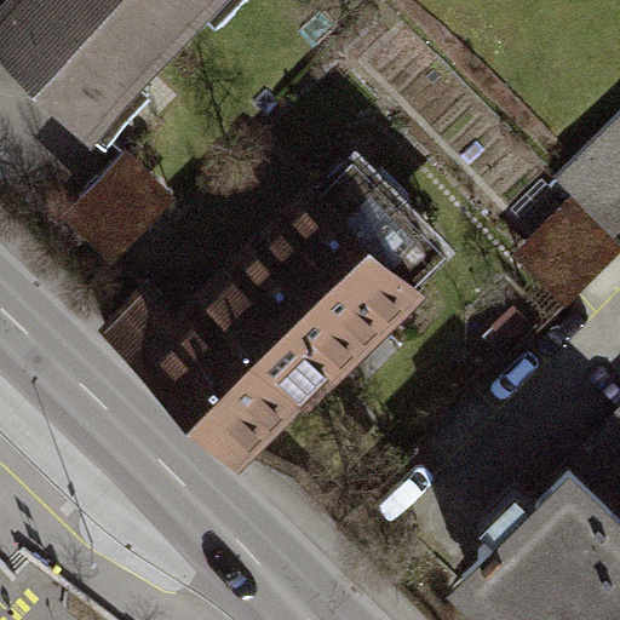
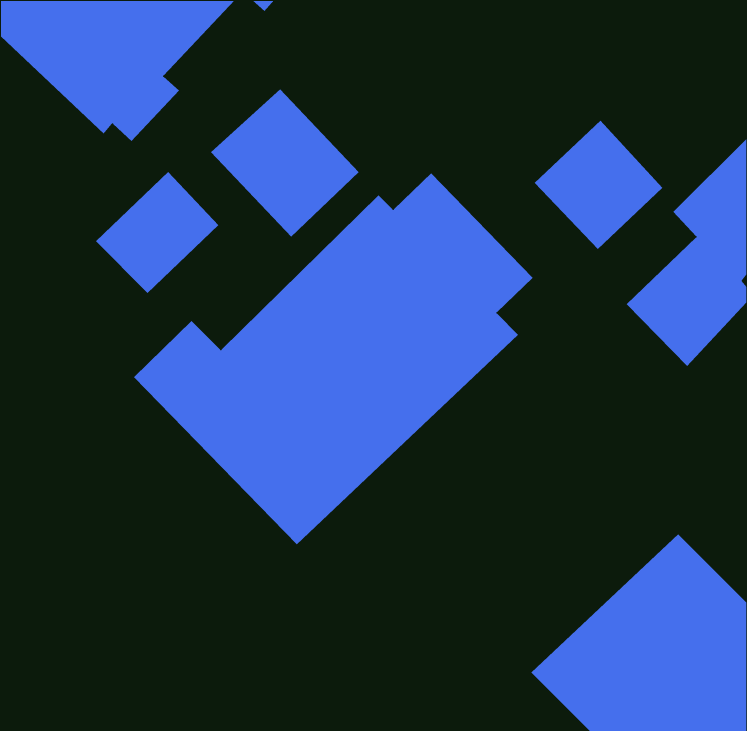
building: none -> [210,88,360,238]
building: none -> [534,120,663,250]

